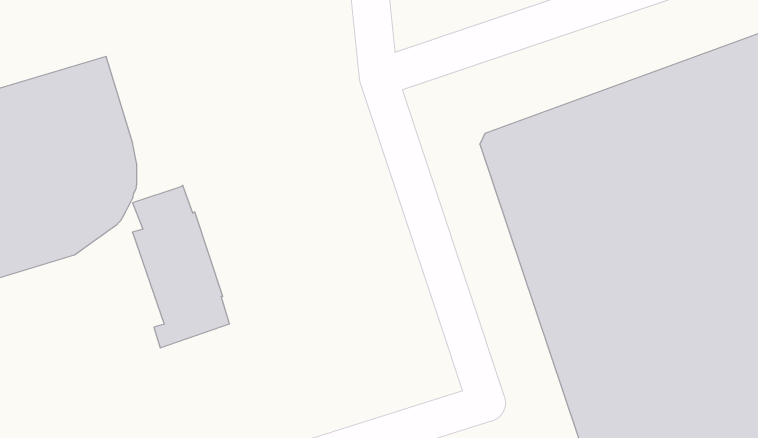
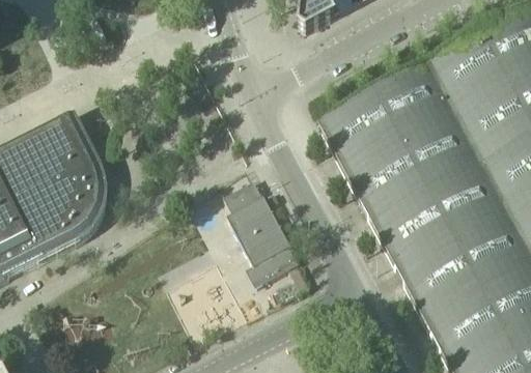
building: [132,185,230,348] -> [223,179,298,285]

